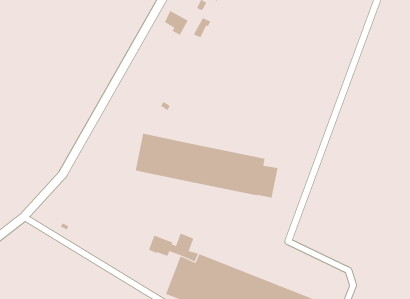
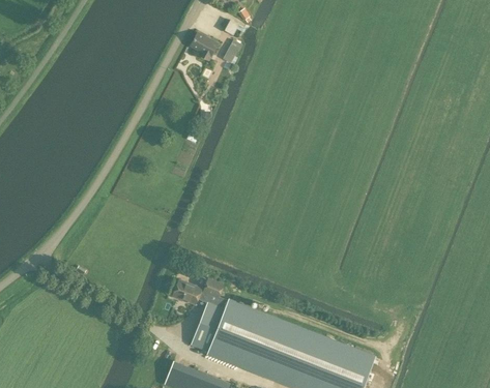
building: [135,133,278,199] -> none

